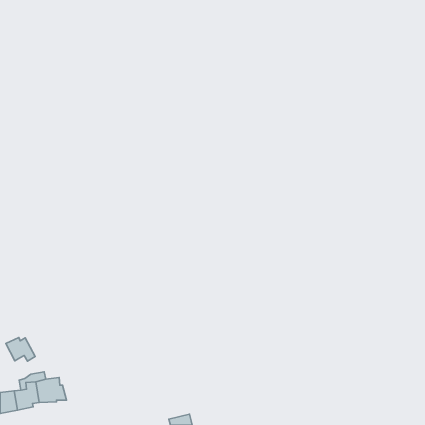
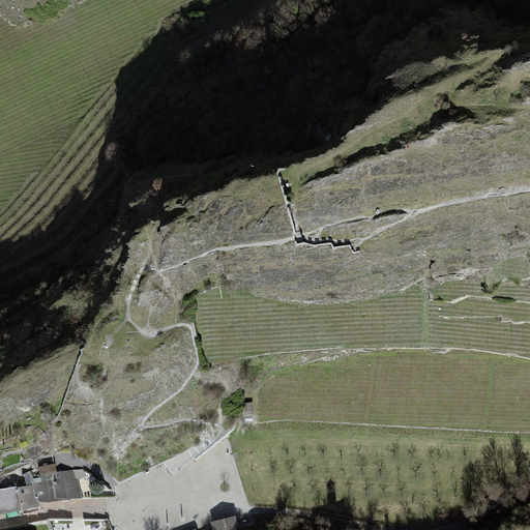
building: [6,338,35,361] -> none

